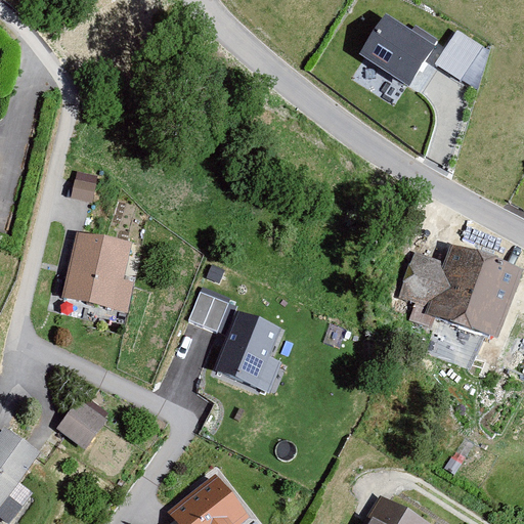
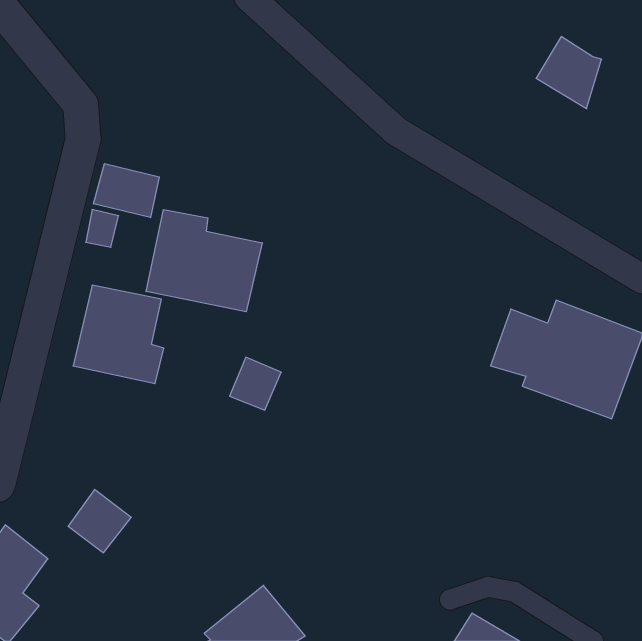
building: [358,13,437,86] -> none
building: none -> [93,164,159,218]
building: none -> [146,210,262,312]
building: [215,311,281,393] -> none

